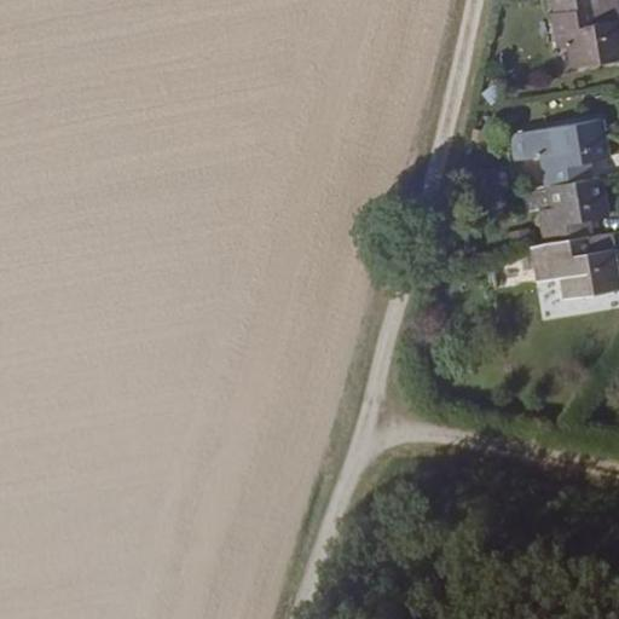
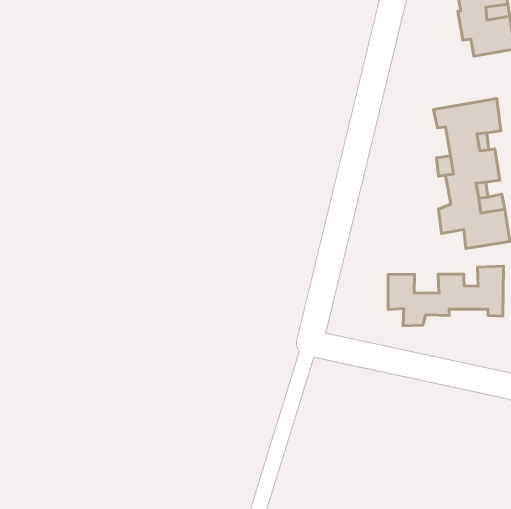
building: none -> [388,266,504,326]

